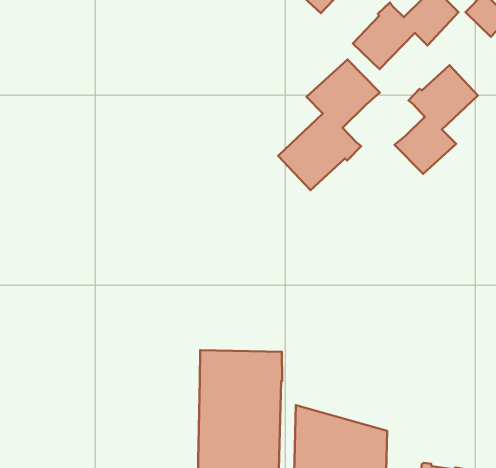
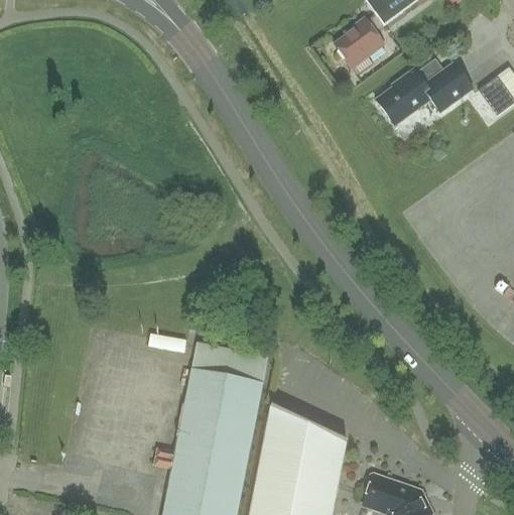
building: [278,60,380,190] -> none
building: [395,65,478,174] -> none

